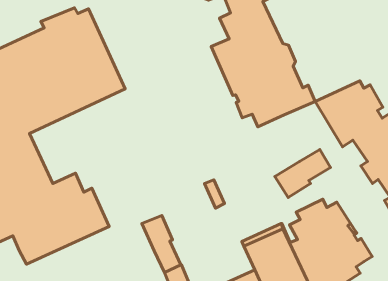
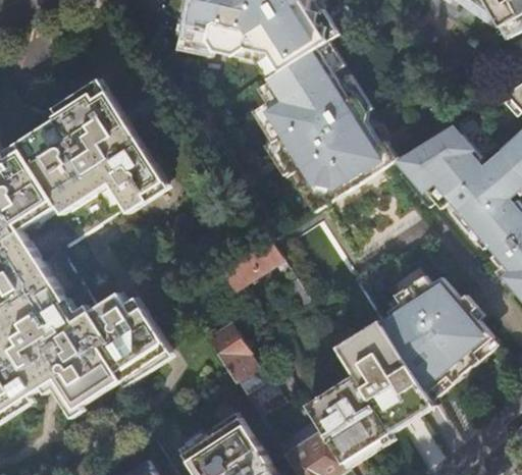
building: [275,149,331,197] -> none
building: none -> [221,241,280,289]

